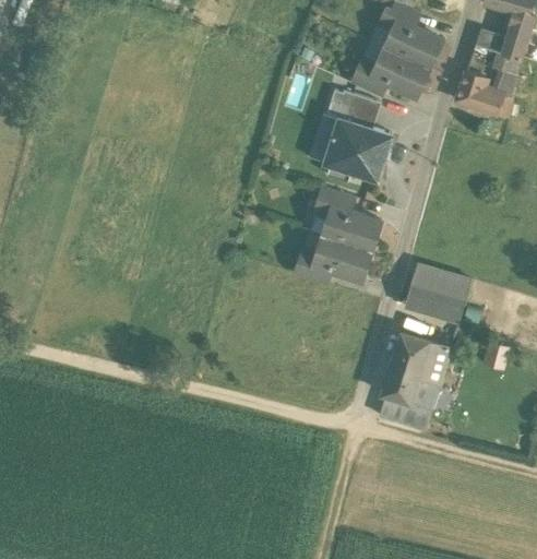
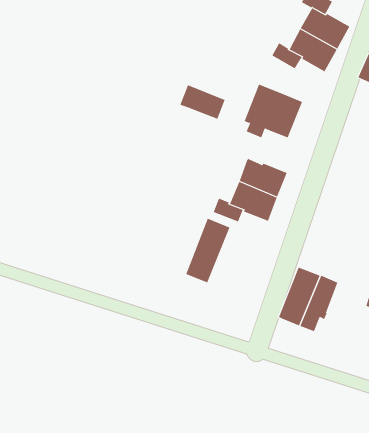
building: [325,87,380,127] -> [180,84,226,120]
building: [317,186,354,212] -> none
building: [404,262,470,321] -> none
building: none -> [186,218,230,283]
building: [378,390,437,430] -> none

